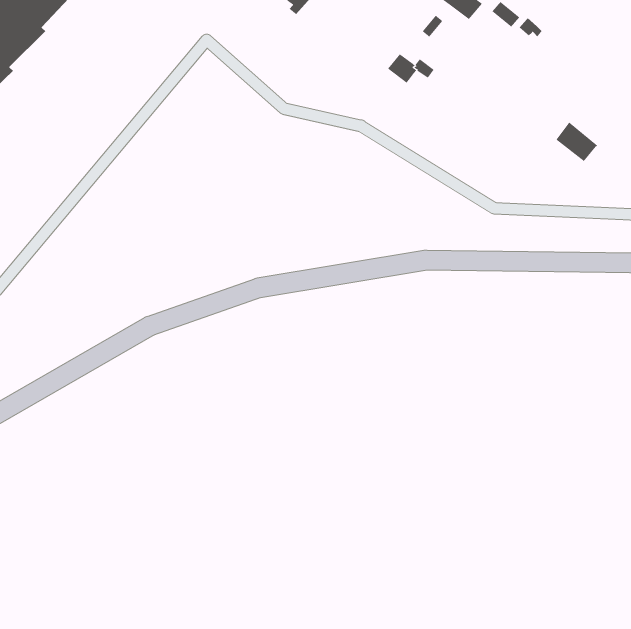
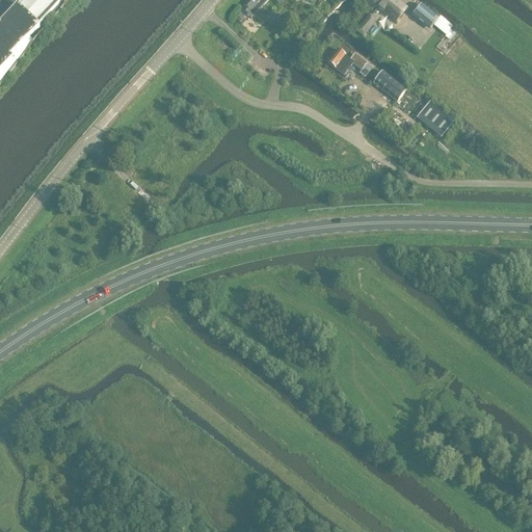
building: none -> [369,66,402,98]
building: [555,122,598,162] -> [415,97,450,130]

